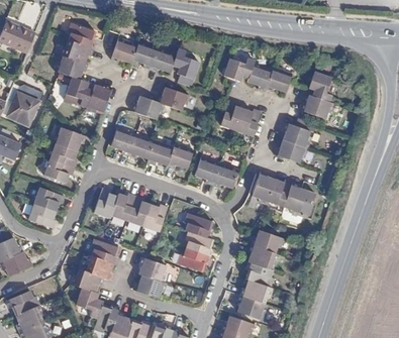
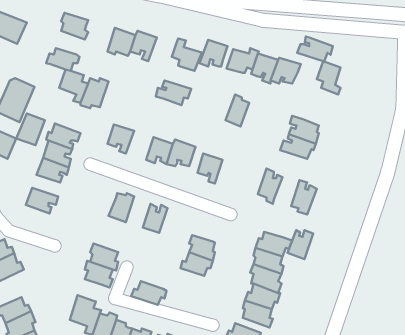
building: [60,40,90,63] -> none
building: [149,46,176,72] -> [200,40,227,67]
building: [300,93,333,116] -> [297,37,333,61]
building: [131,96,164,118] -> none
building: [236,108,262,135] -> none
building: none -> [16,113,45,145]
building: [128,134,155,158] -> none
building: [212,161,239,188] -> none
building: [268,178,292,205] -> [287,230,313,259]
building: [96,189,119,218] -> none
building: [128,196,152,225] -> none
building: [29,204,57,228] -> none
building: [188,213,212,238] -> none
building: [138,257,167,283] -> none
building: [72,270,105,294] -> none

